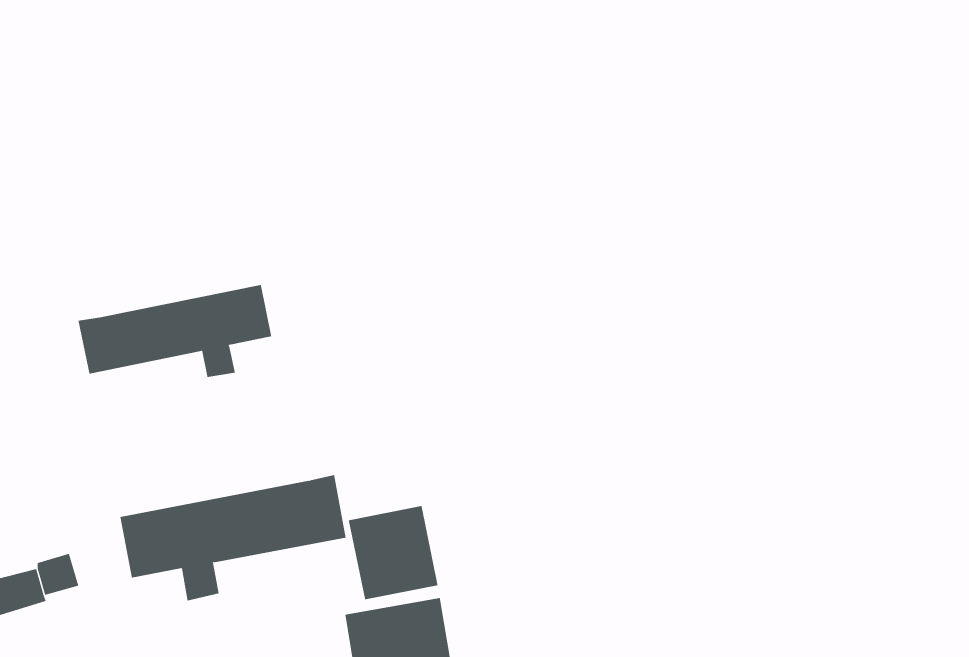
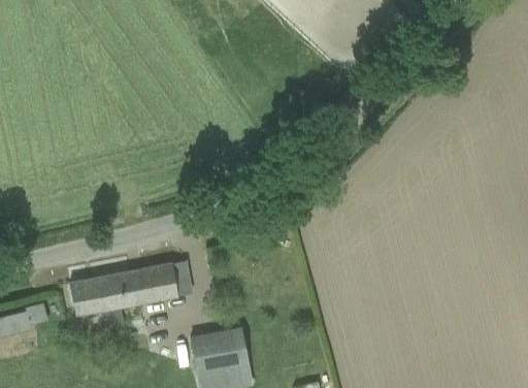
building: [78,284,272,378] -> none
building: [348,505,438,600] -> none

